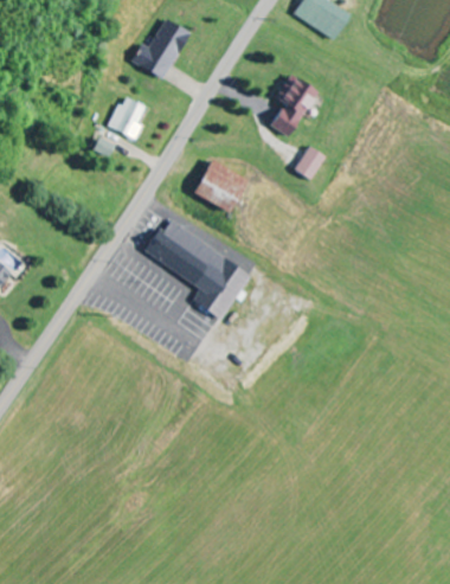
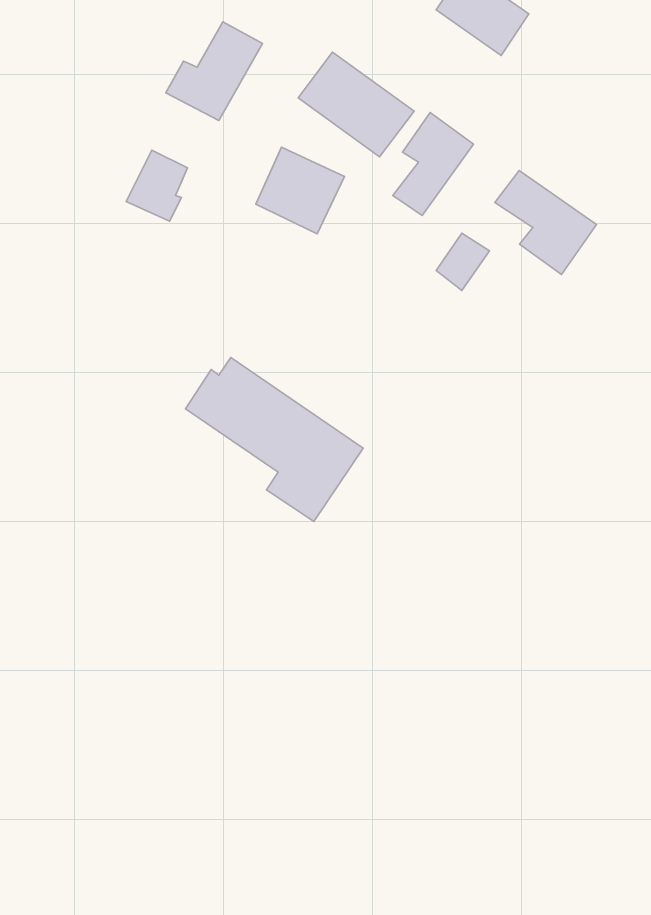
building: none -> [298,52,414,157]
building: none -> [495,170,596,274]
building: [193,160,246,212] -> [256,147,345,234]

